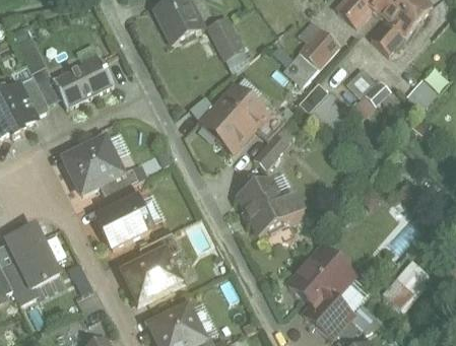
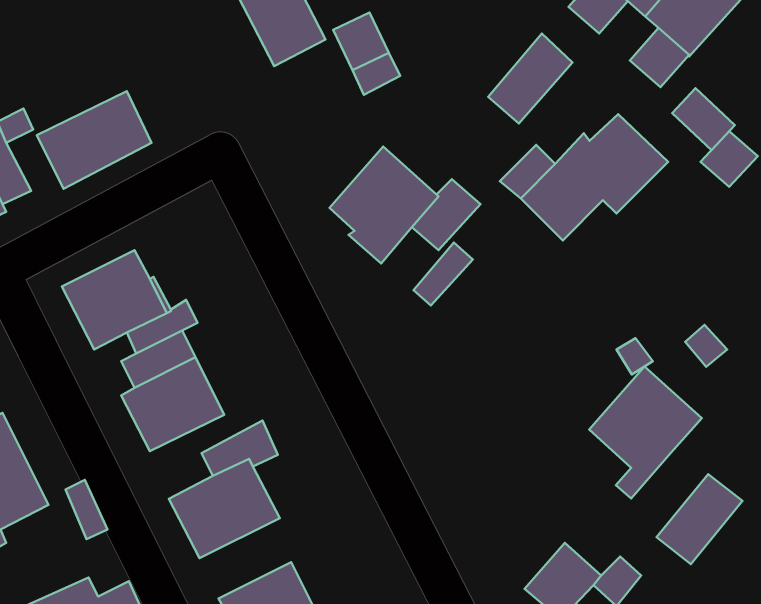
building: none -> [672,88,735,150]
building: [238,176,302,233] -> none
building: [289,249,349,319] -> [589,366,702,498]

